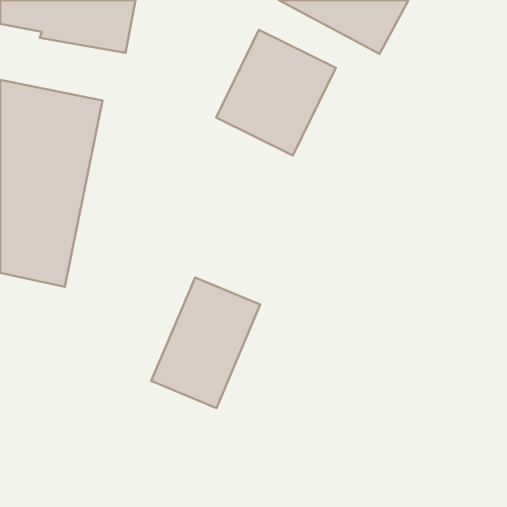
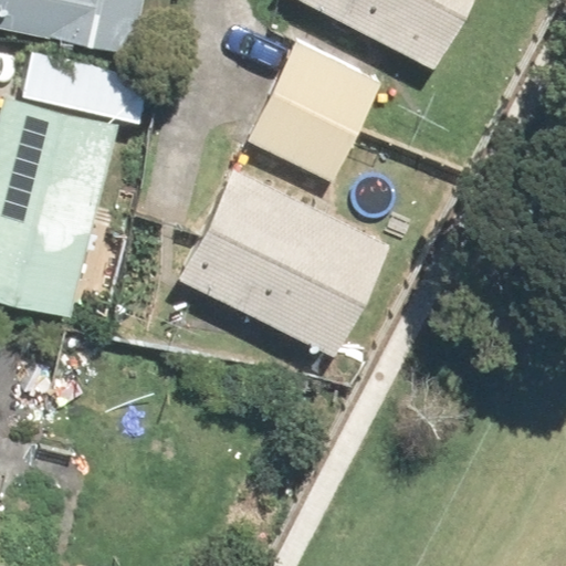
building: none -> [180,169,388,349]
building: [151,277,260,408] -> none

